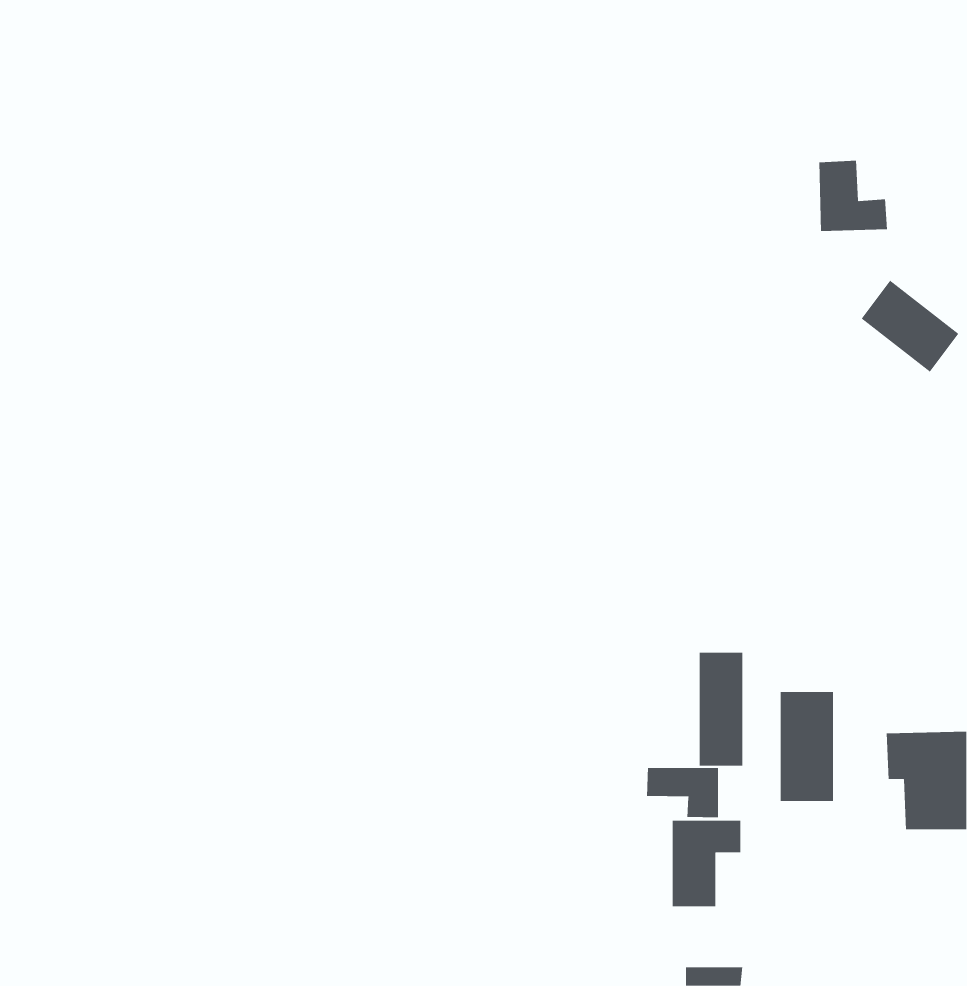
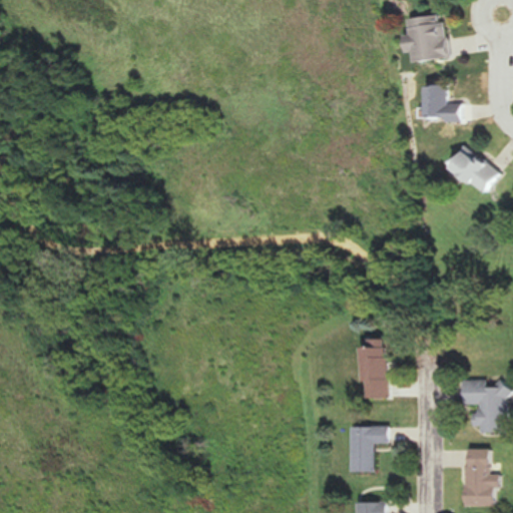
building: none -> [401,13,447,62]
building: [780,692,834,802] -> [463,448,491,505]
building: [647,767,718,818] -> none

